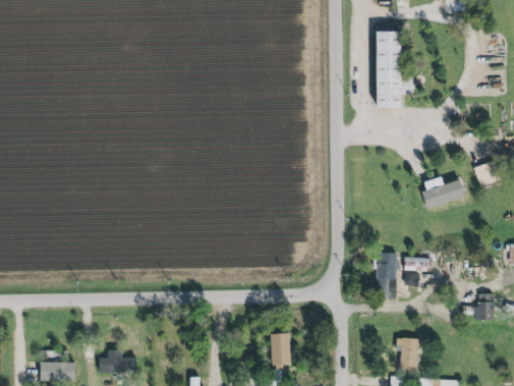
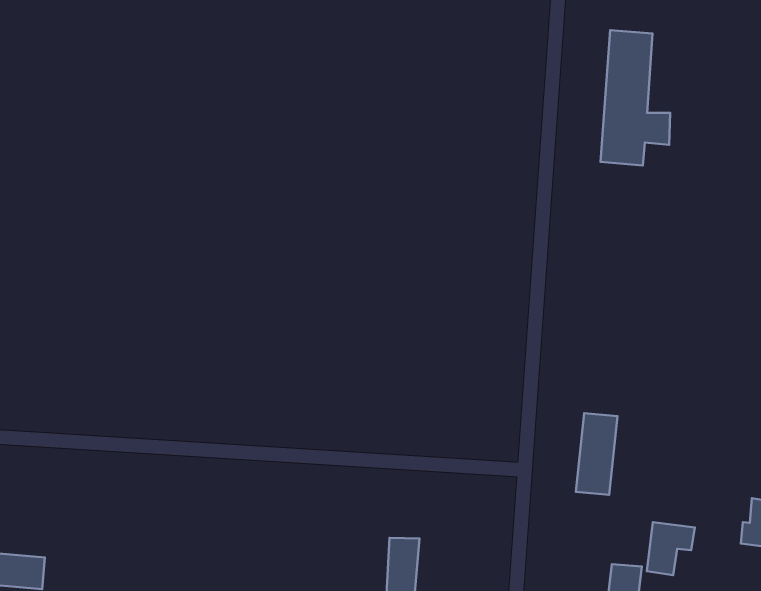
building: [423,174,467,207] -> none
building: [404,257,430,286] -> [647,522,695,575]
building: [99,349,137,373] -> none

